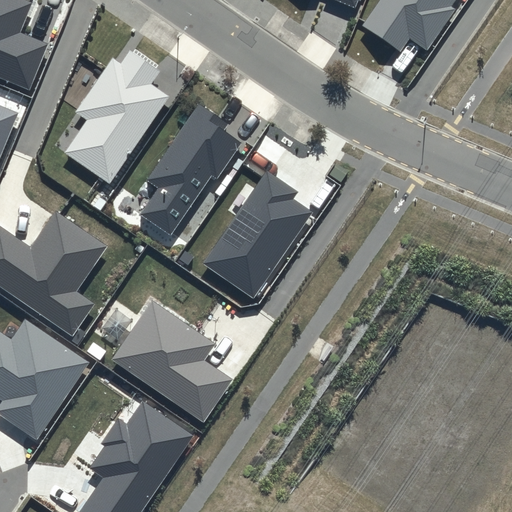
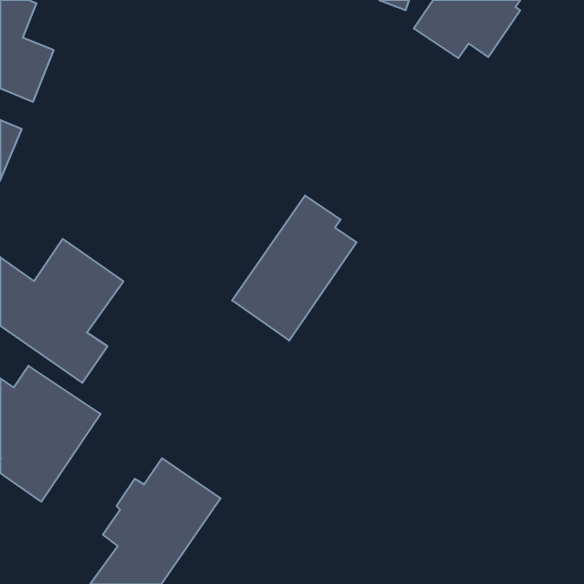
building: [65,50,168,182] -> none
building: [139,104,242,235] -> none
building: [112,301,232,421] -> none

